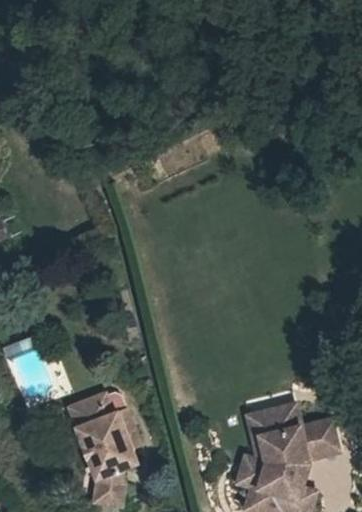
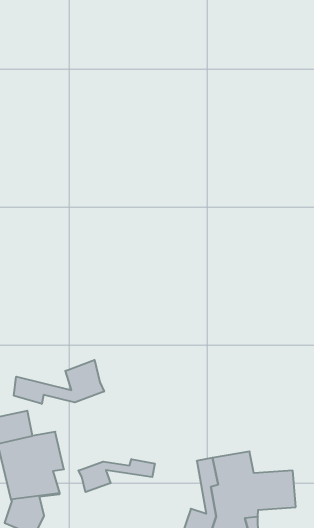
building: none -> [14,360,104,404]
building: none -> [78,459,155,492]

